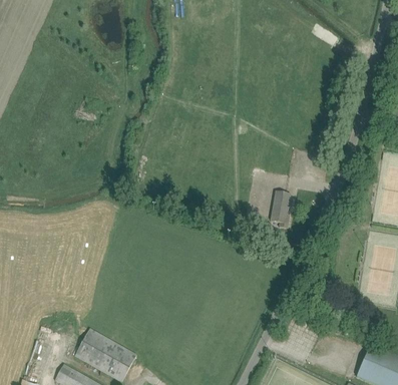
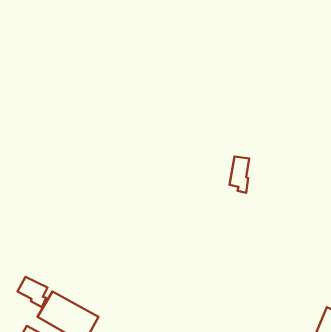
building: none -> [17,277,47,307]

